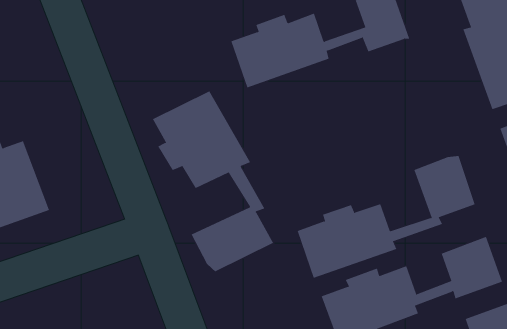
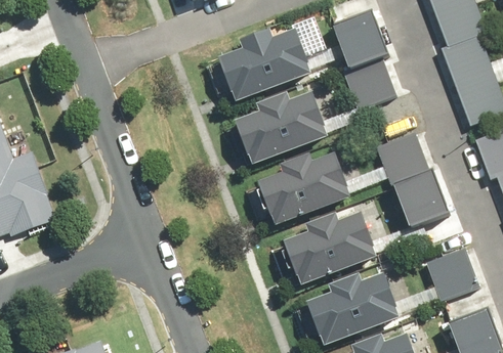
building: none -> [241,58,400,165]
building: [152,91,274,272] -> none
building: none -> [254,126,425,226]

